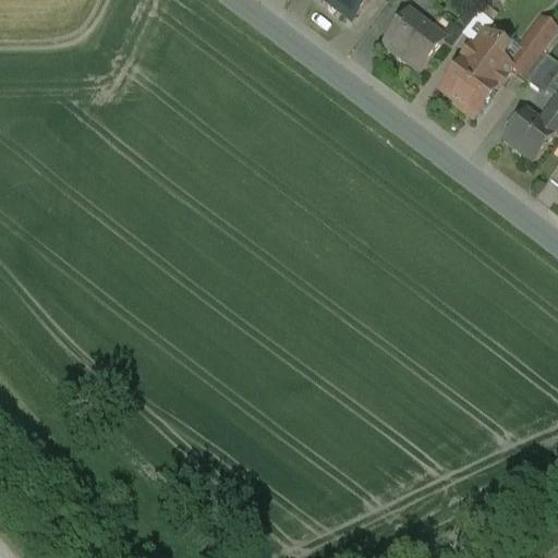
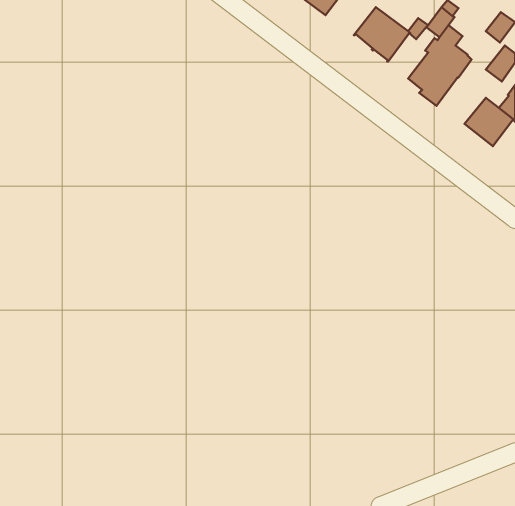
building: [506,34,546,75] -> none

